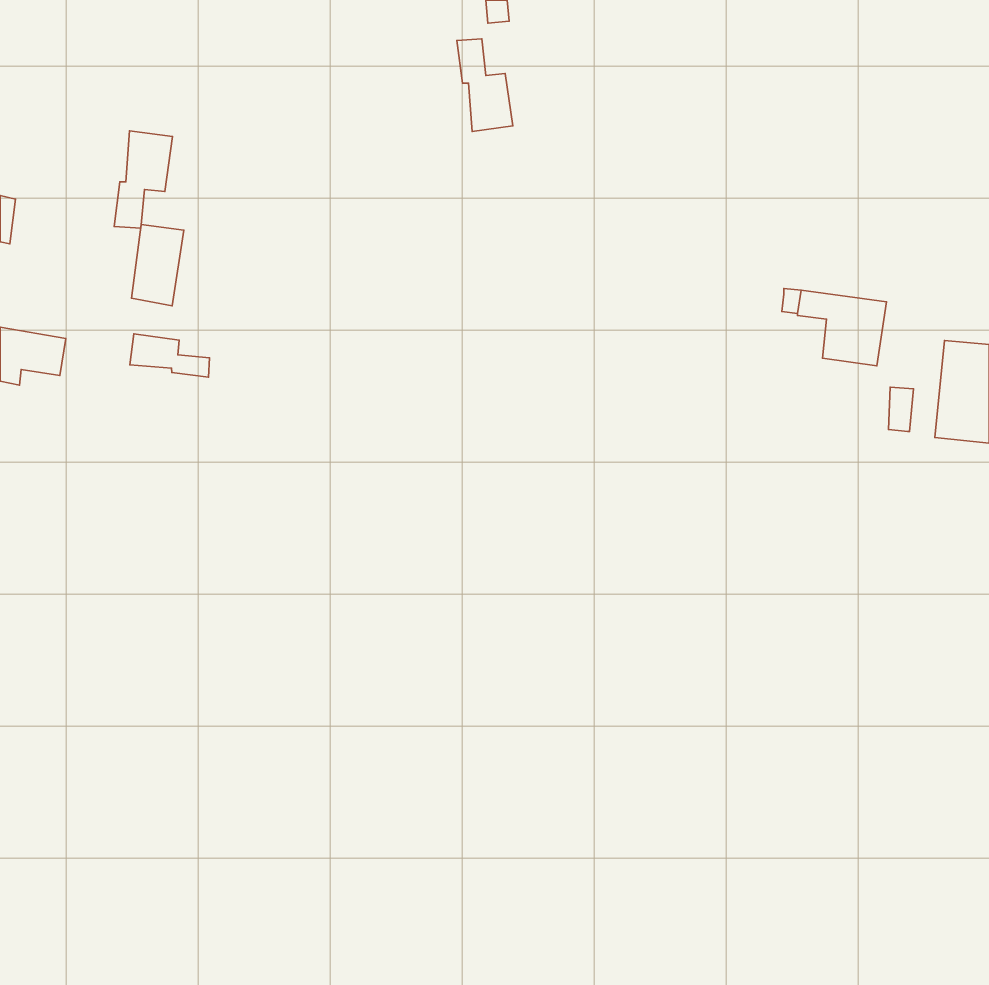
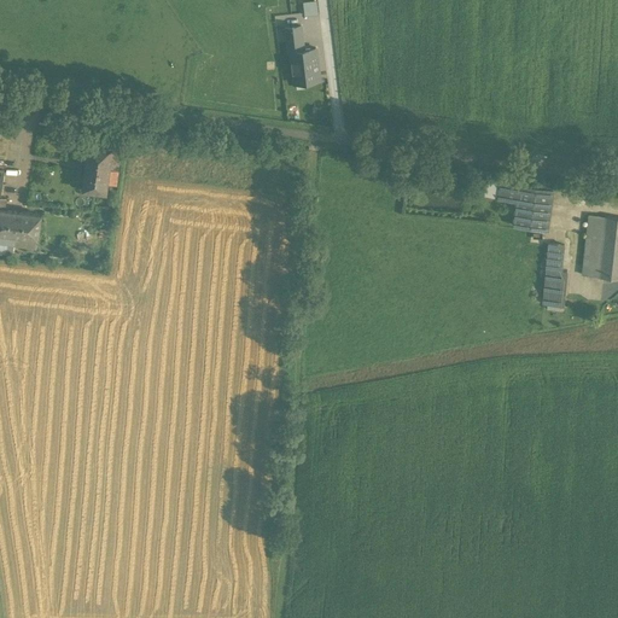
building: [114,131,172,228] -> none
building: [130,334,210,377] -> none
building: none -> [543,269,566,307]

